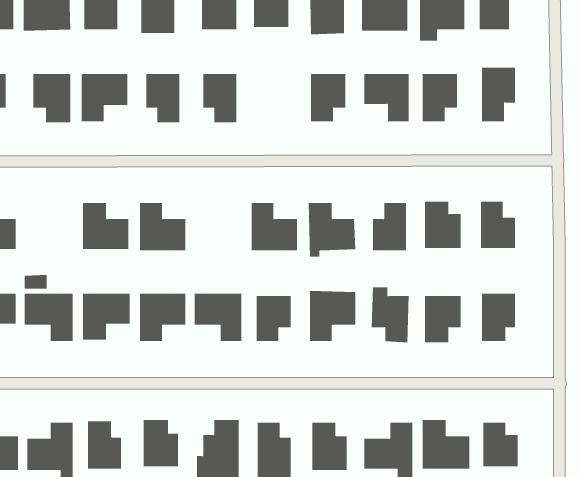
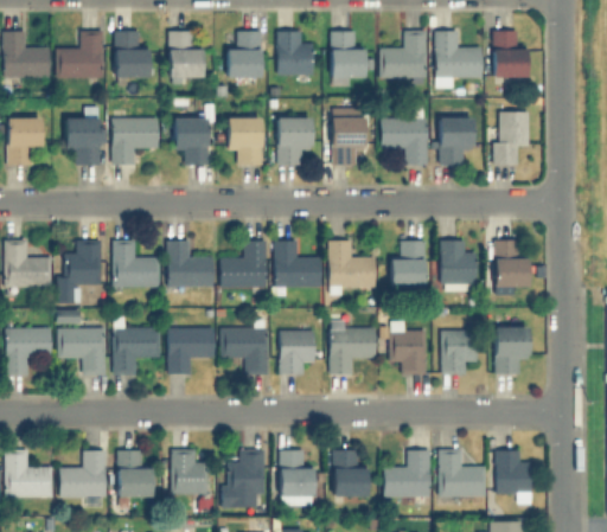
building: none -> [279,118,311,165]
building: none -> [59,241,101,303]
building: none -> [221,242,266,287]

